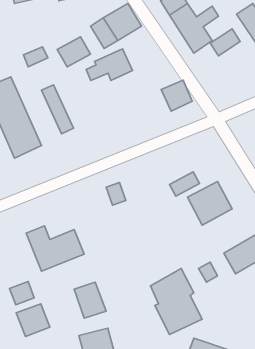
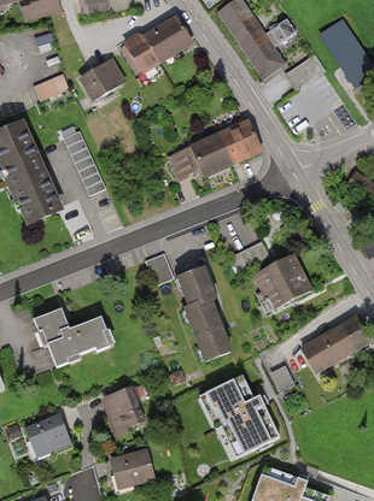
building: [86,49,133,80] -> [170,130,232,172]
building: none -> [177,264,228,355]
building: [10,281,34,305] -> none

